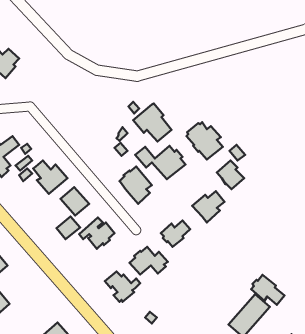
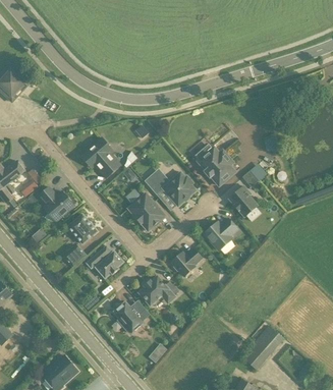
building: [133,103,171,142] -> [80,137,120,177]
building: [251,275,285,305] -> none

